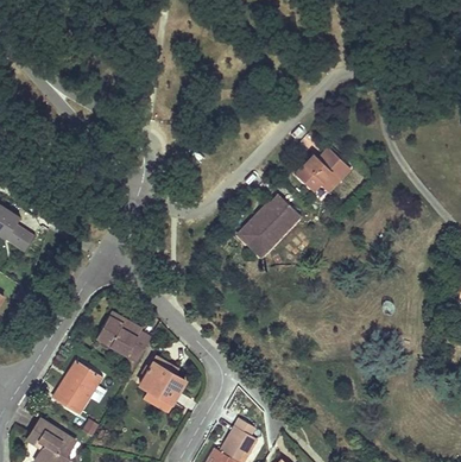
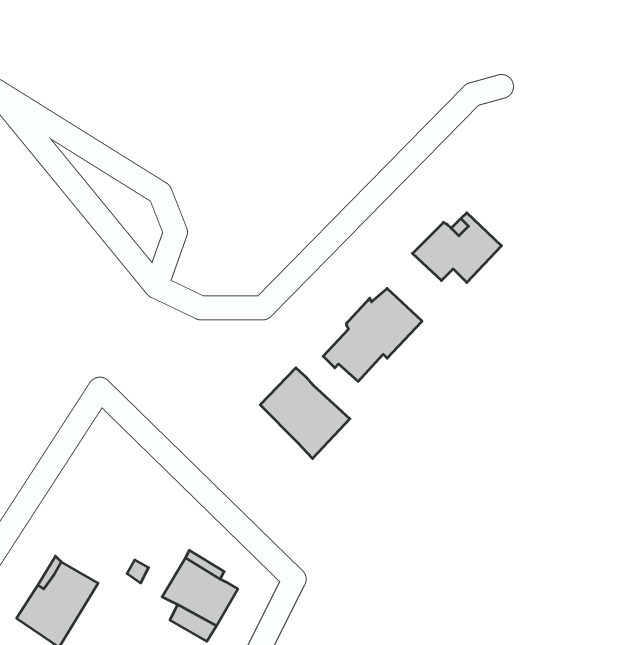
building: none -> [260,368,350,459]
building: [96,312,151,361] -> none

